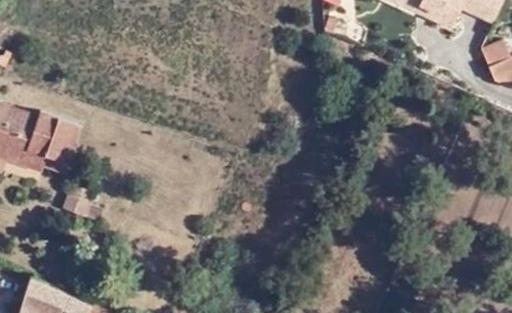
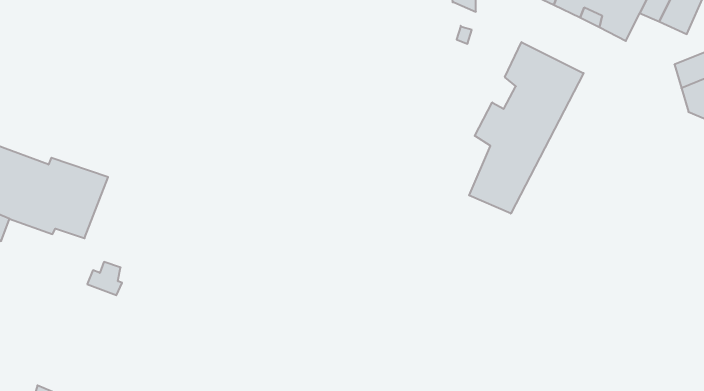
building: none -> [469,42,584,214]

